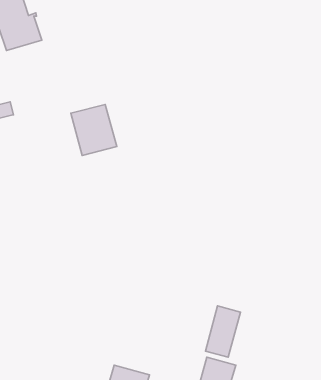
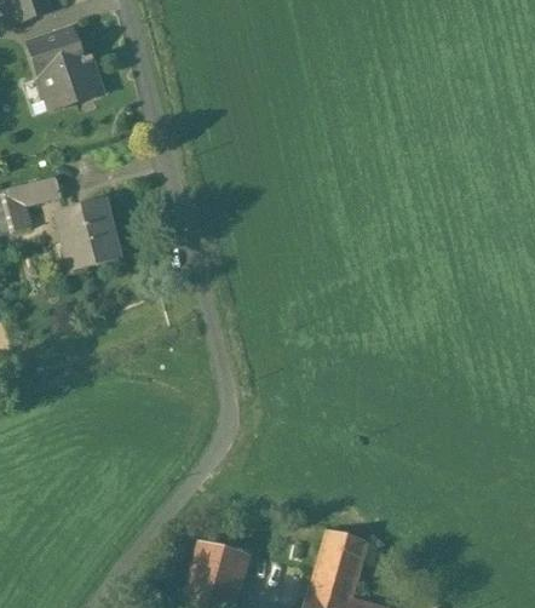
building: [71,104,117,155] -> [57,199,120,269]
building: [206,306,240,357] -> none

